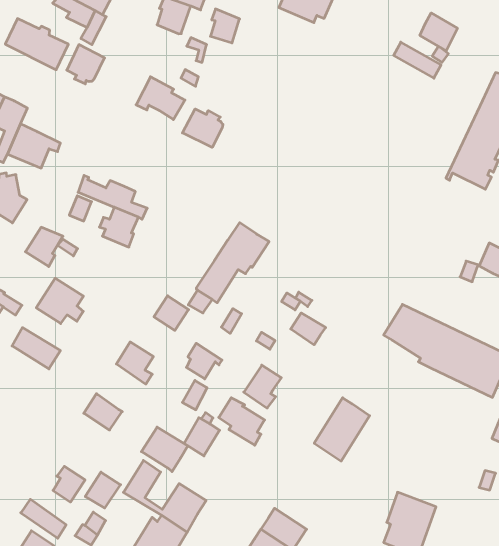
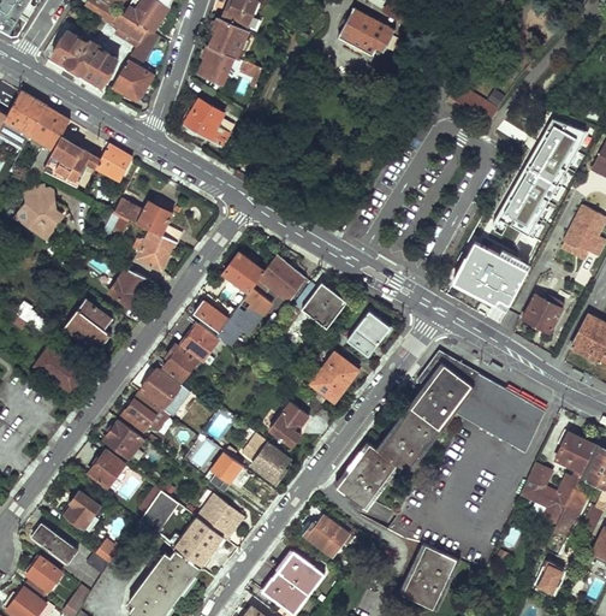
building: [210,9,240,43] -> [198,45,230,81]
building: [420,13,457,51] -> none
building: [182,109,223,147] -> none
building: none -> [96,143,132,180]
building: none -> [453,243,527,309]
building: none -> [224,251,265,292]
building: [25,227,63,267] -> [107,268,147,309]
building: none -> [292,280,344,327]
building: none -> [347,310,390,355]
building: none -> [194,300,228,332]
building: none -> [311,368,345,402]
building: none -> [380,387,453,472]
building: [186,343,222,379] -> [164,344,201,381]
building: none -> [119,393,168,438]
building: [141,427,188,472] -> [196,494,244,541]
building: [85,472,121,508] -> [88,451,125,488]
building: none -> [304,516,347,557]

